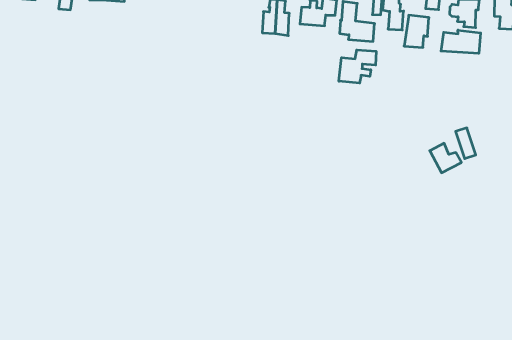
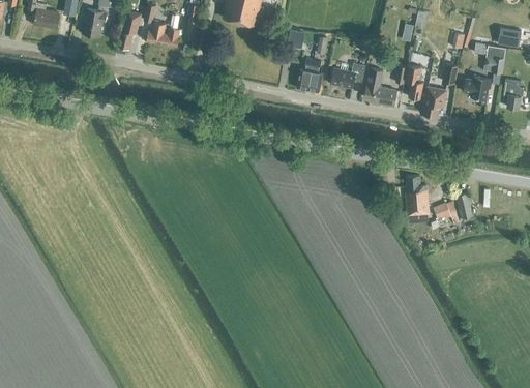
building: [441,30,481,53] -> none
building: [339,50,376,83] -> none
building: none -> [406,175,430,215]

